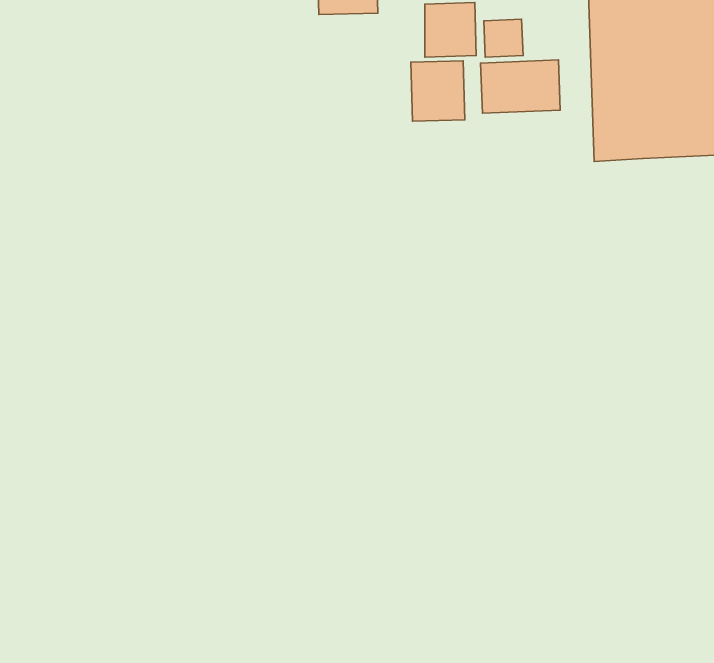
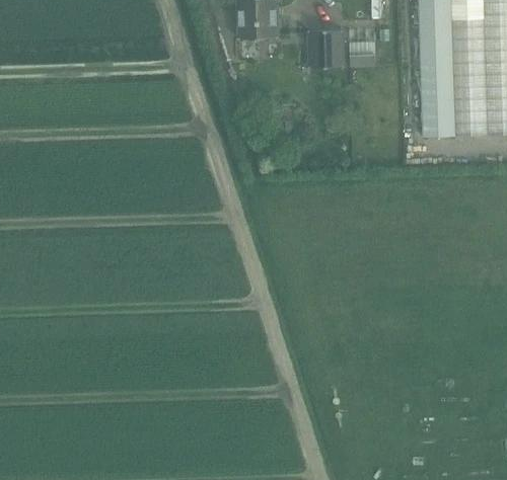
building: [481,60,560,113] -> none
building: [411,61,465,121] -> none

